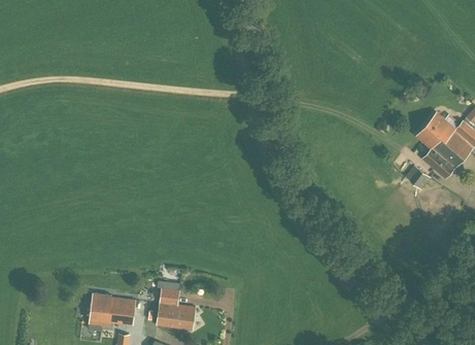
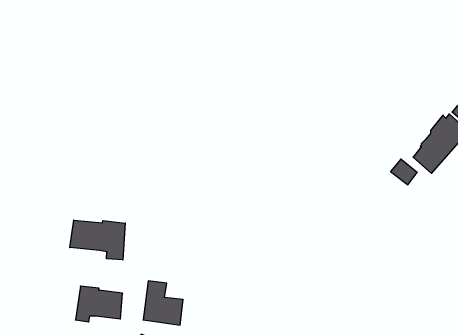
building: [416,111,457,163] -> none
building: none -> [70,220,125,260]

